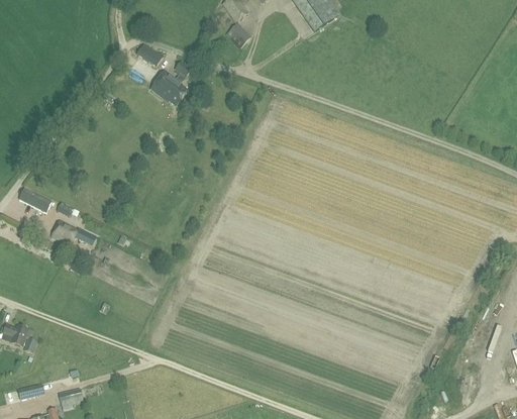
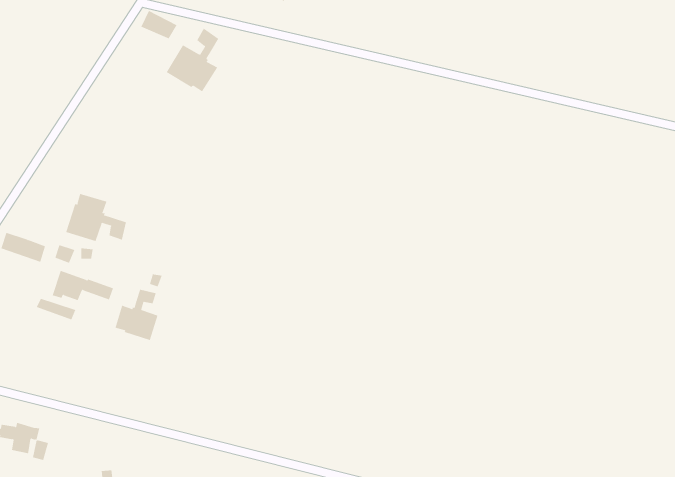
building: none -> [66,193,126,242]
building: none -> [115,289,158,341]

